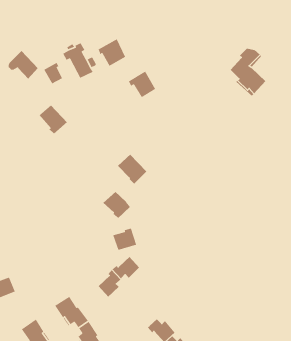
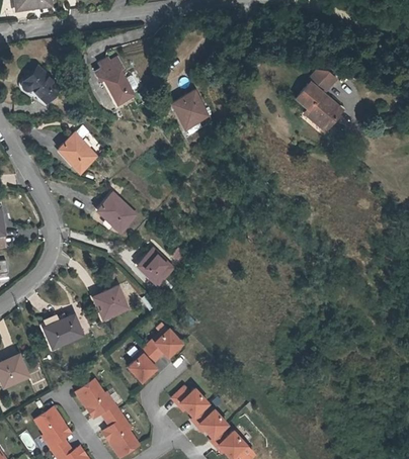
building: [97,38,126,67] -> none
building: [43,62,63,85] -> none
building: [117,154,147,185] -> [94,197,132,236]
building: [112,227,137,251] -> [94,289,126,318]
building: none -> [45,316,83,346]
building: none -> [173,385,210,415]

